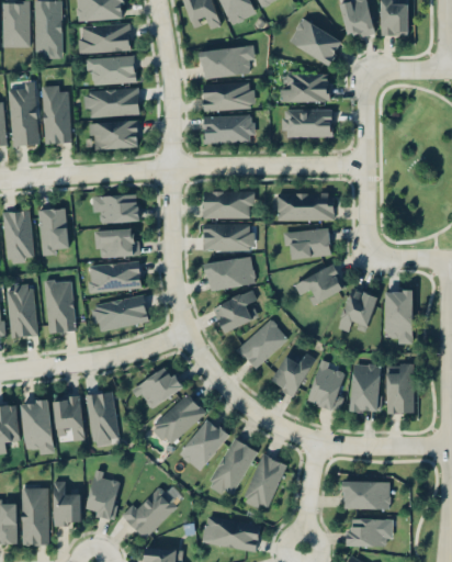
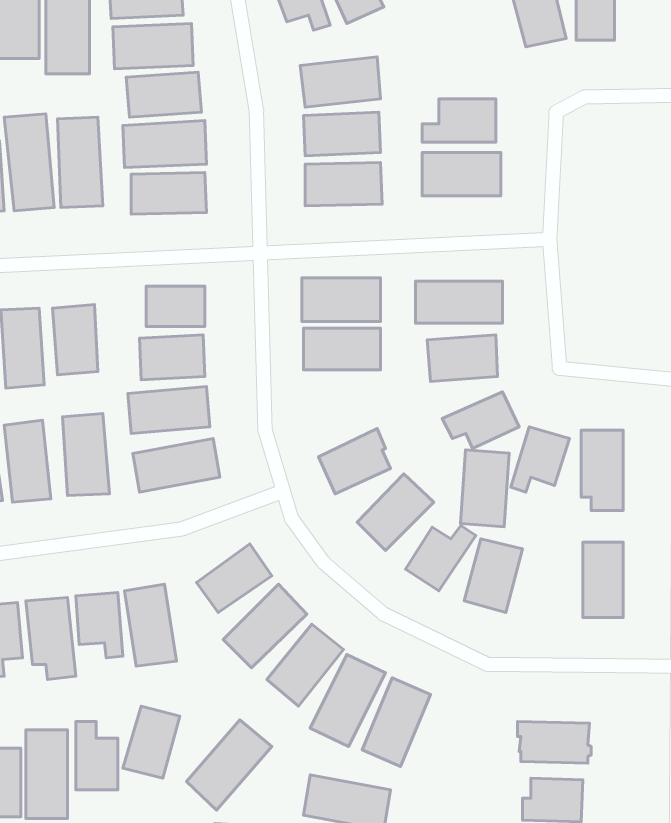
building: [289,18,343,66] -> none
building: [205,257,255,291] -> none
building: [350,363,382,414] -> [461,450,509,527]

